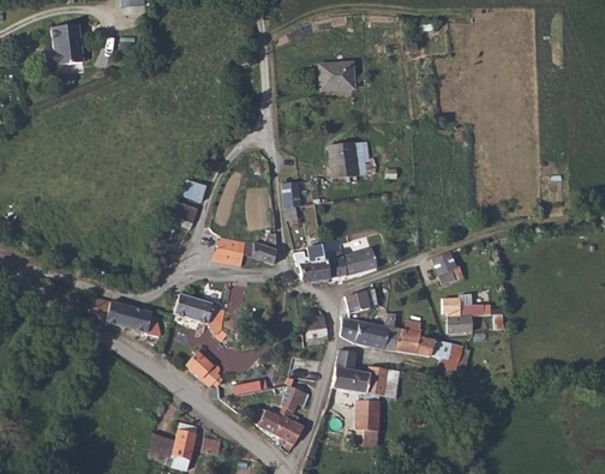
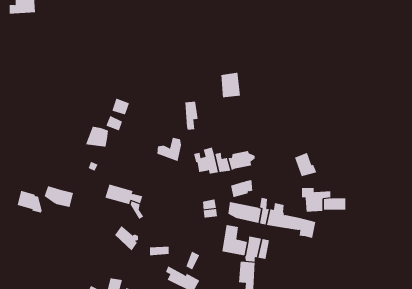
building: [318,60,353,88] -> none
building: [212,236,245,265] -> [85,126,109,147]
building: [126,306,161,337] -> [17,190,42,213]

